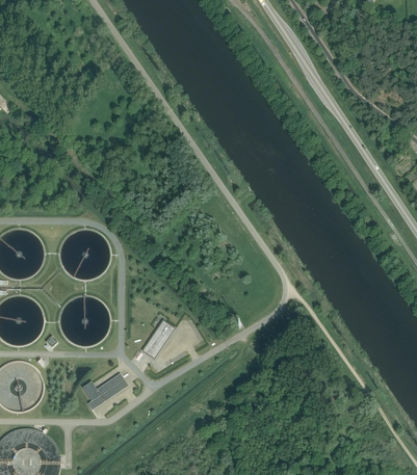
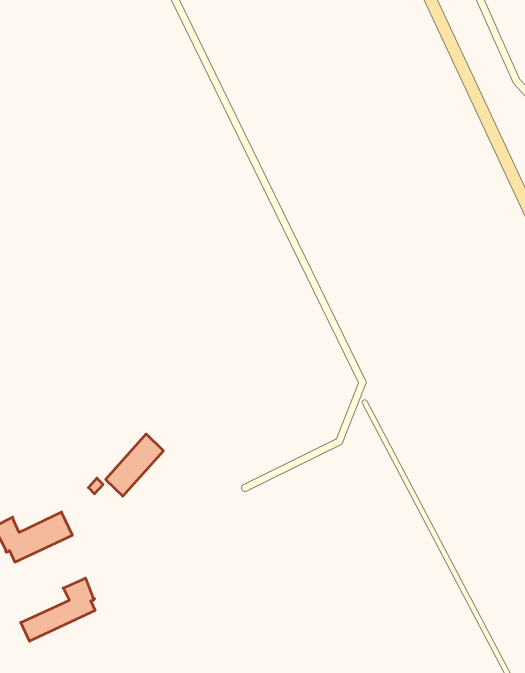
building: none -> [21,578,95,641]

